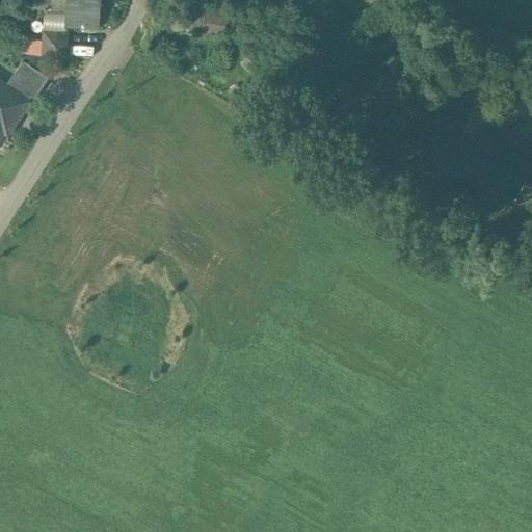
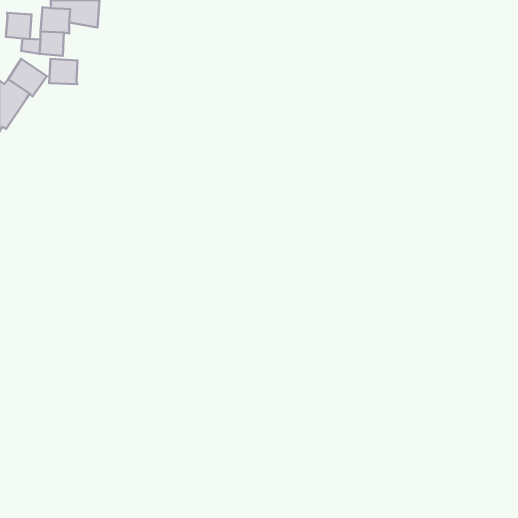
building: none -> [6,13,32,39]
building: none -> [49,59,78,84]

